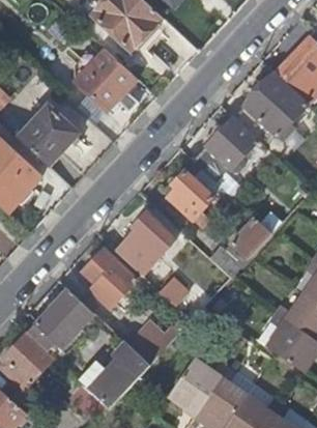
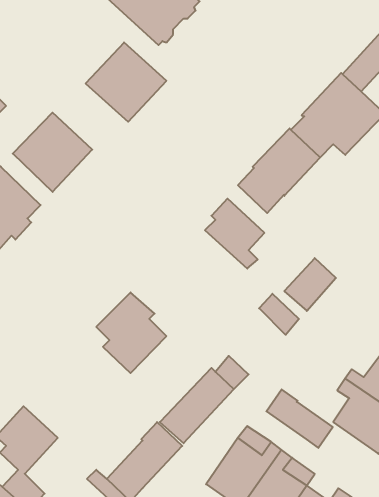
building: [128,213,176,256] -> none
building: [28,288,94,356] -> none
building: none -> [266,389,333,448]

